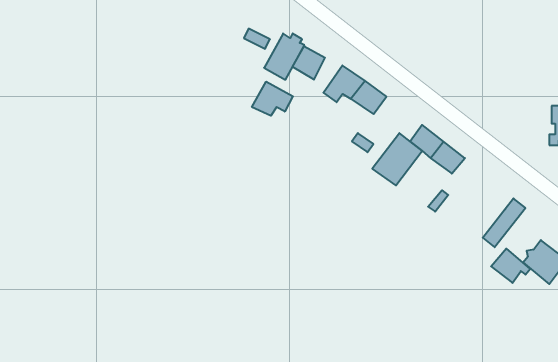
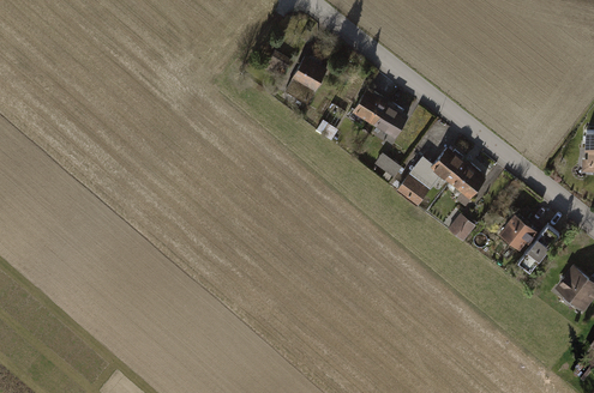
building: [293,46,325,80] -> none
building: [252,82,293,116] -> none
building: [491,249,530,283] -> [496,214,535,249]

